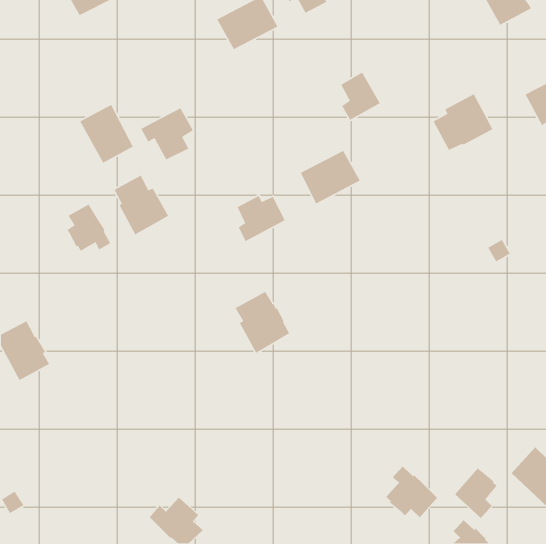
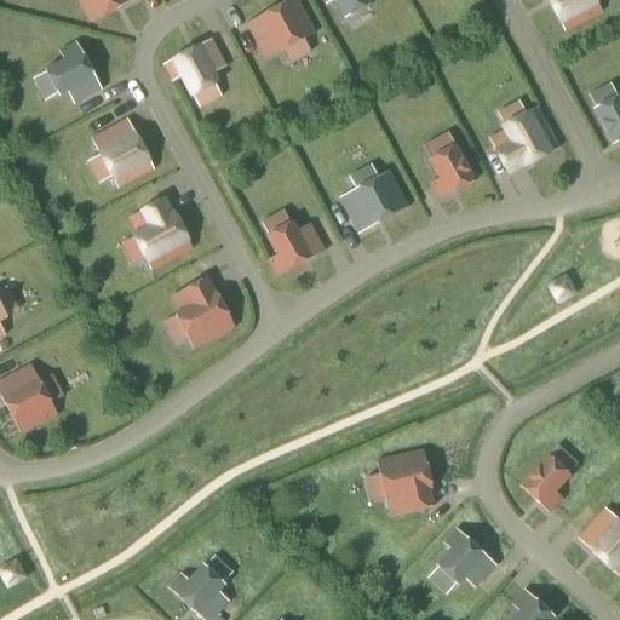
building: none -> [47,40,102,102]
building: [340,72,381,121] -> [430,143,476,199]
building: [140,107,194,161] -> [166,38,226,98]
building: [67,204,111,252] -> none
building: [235,291,290,354] -> [172,275,235,346]
building: none -> [378,448,435,513]
building: [454,467,498,519] -> [521,453,570,511]

